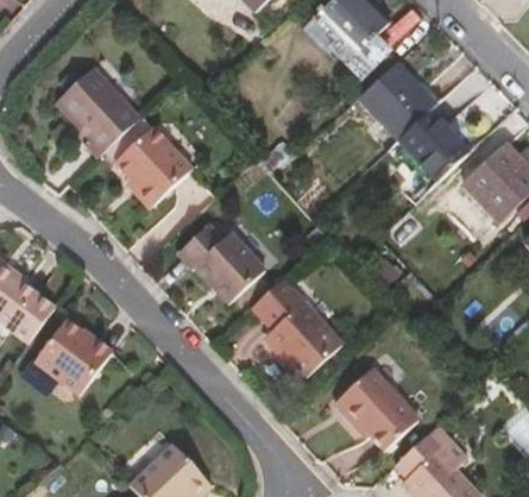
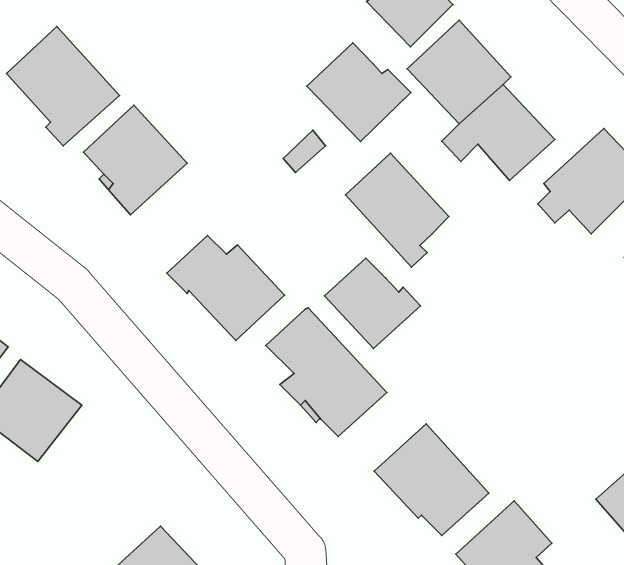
building: none -> [307,43,411,141]
building: none -> [346,153,449,267]
building: none -> [324,258,420,348]

